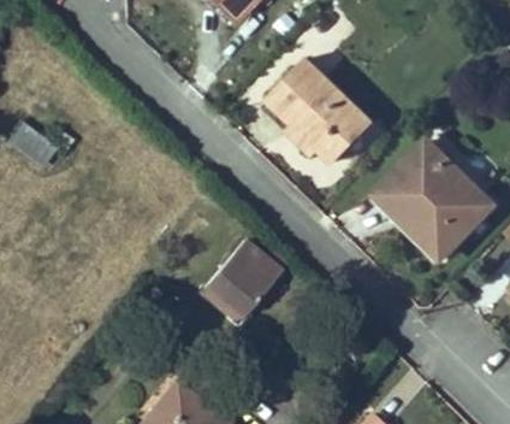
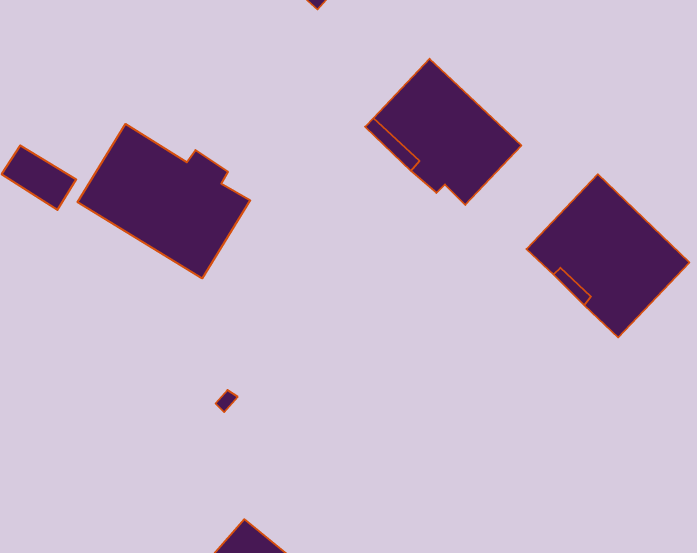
building: none -> [78,124,250,278]
building: [203,238,281,319] -> none

